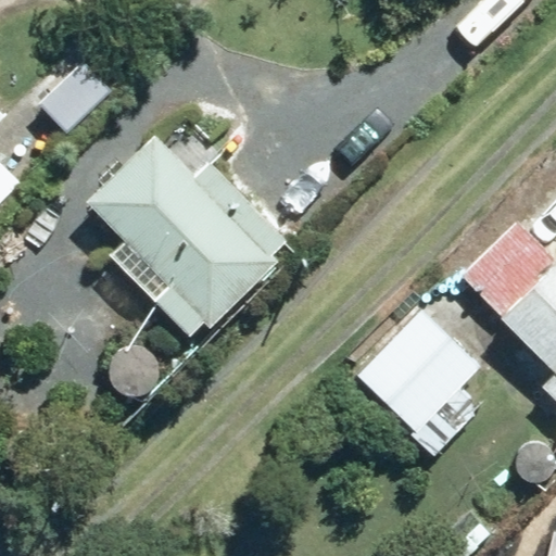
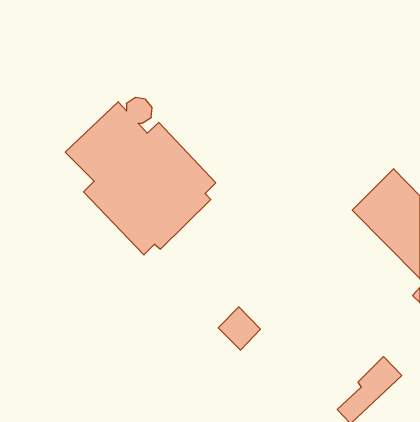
building: [357,309,481,459] -> none

